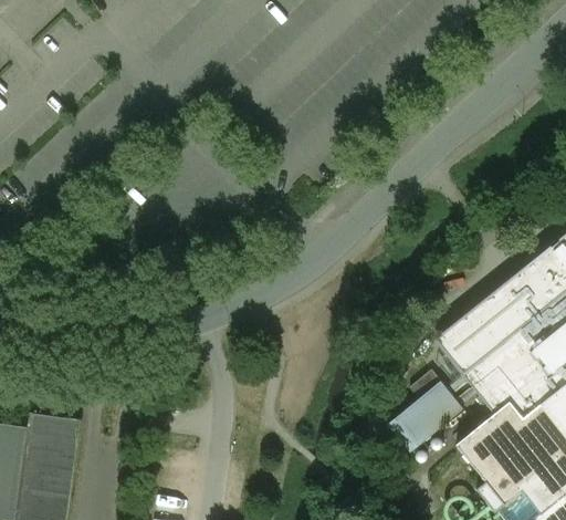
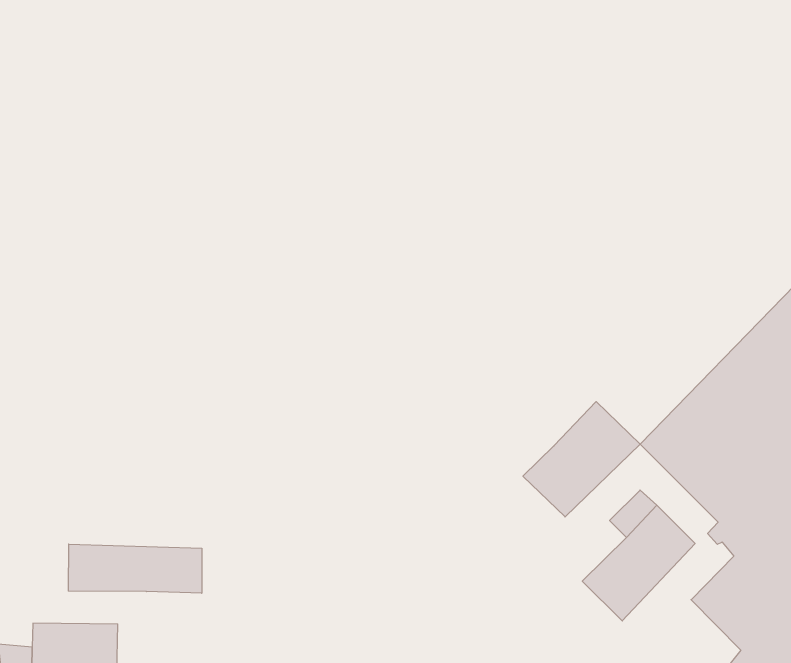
building: none -> [523,402,640,517]
building: none -> [68,544,202,593]

